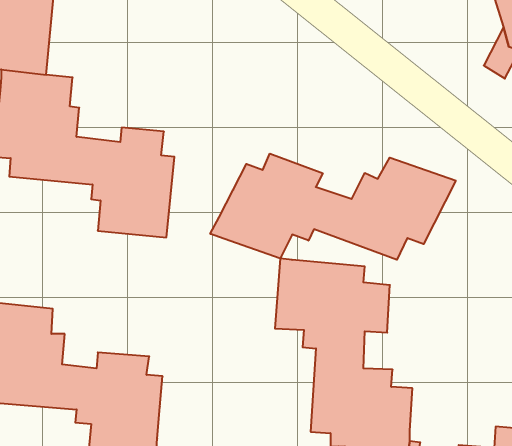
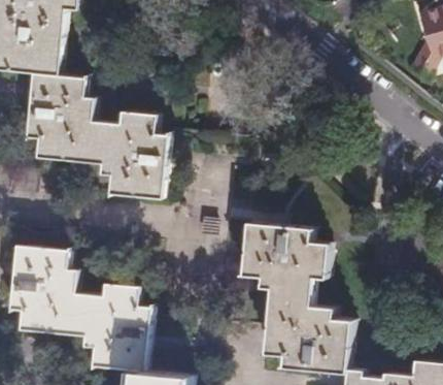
building: [210,154,456,260] -> none

